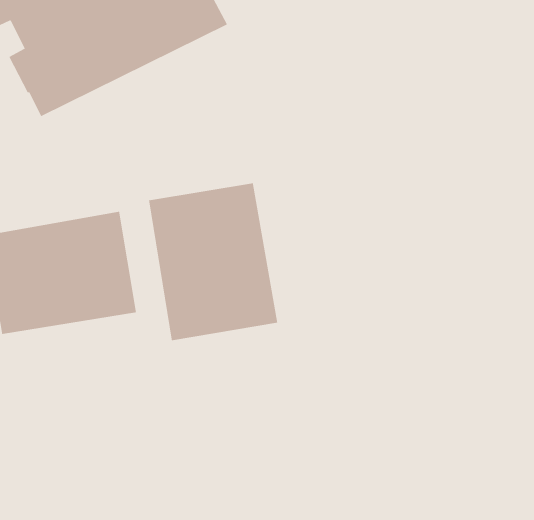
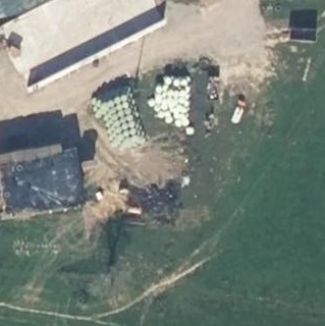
building: [149,182,278,341] -> none

